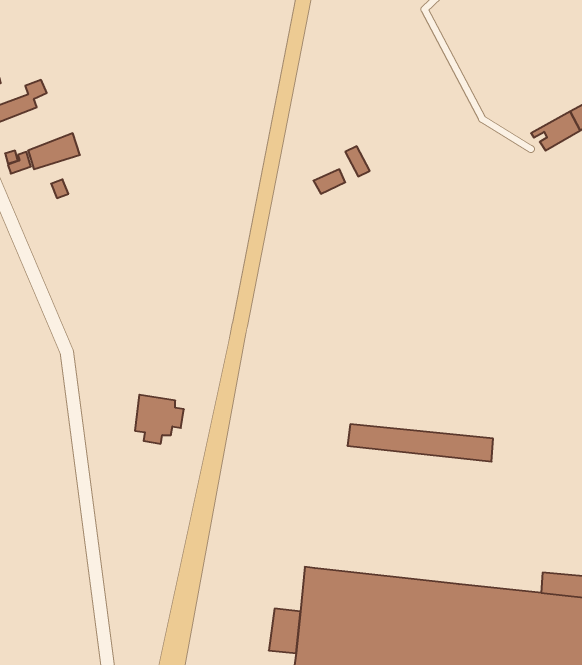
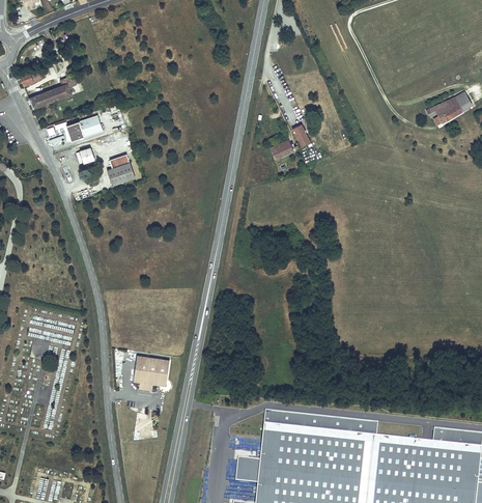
building: none -> [106,151,135,184]
building: [135,395,184,444] -> [135,356,170,391]
building: [347,424,493,462] -> [271,412,375,439]

